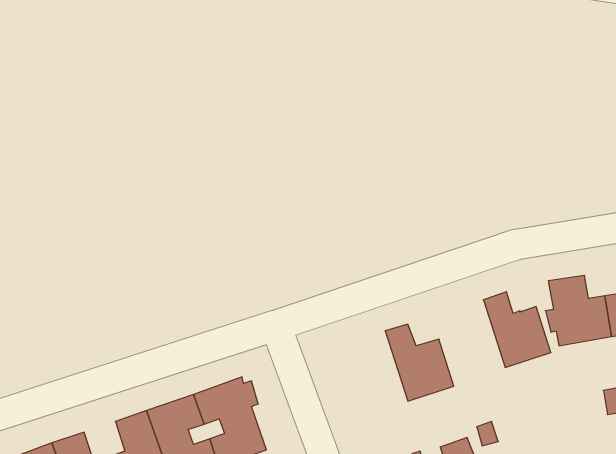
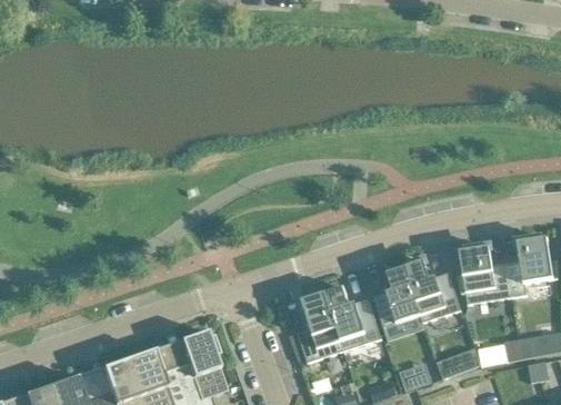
building: none -> [373,266,425,339]
building: none -> [298,292,343,362]
building: none -> [437,348,481,378]

